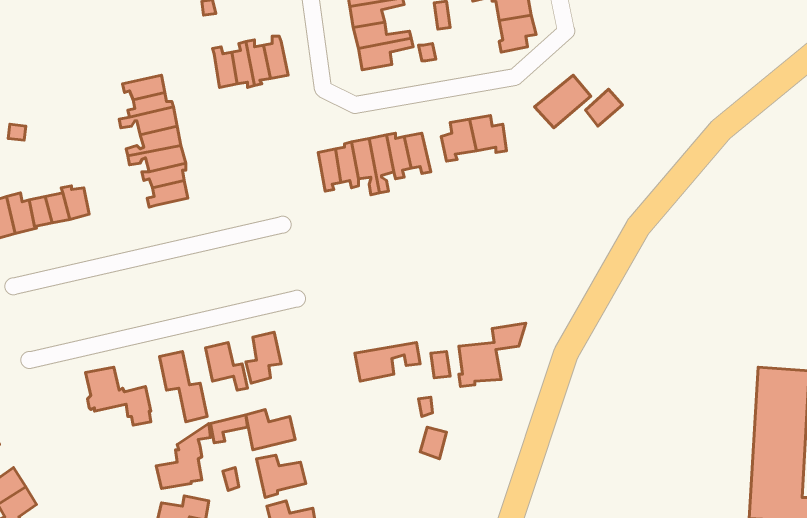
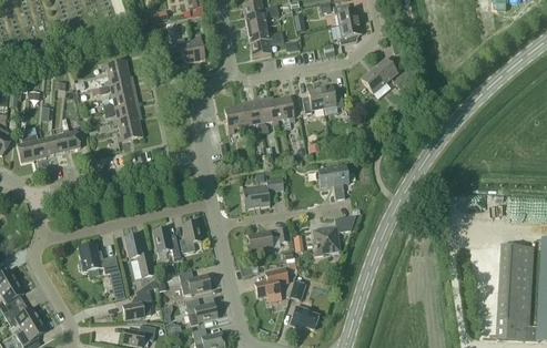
building: none -> [318,165,347,198]
building: none -> [242,177,283,208]
building: none -> [254,267,287,301]
building: none -> [290,305,318,329]

